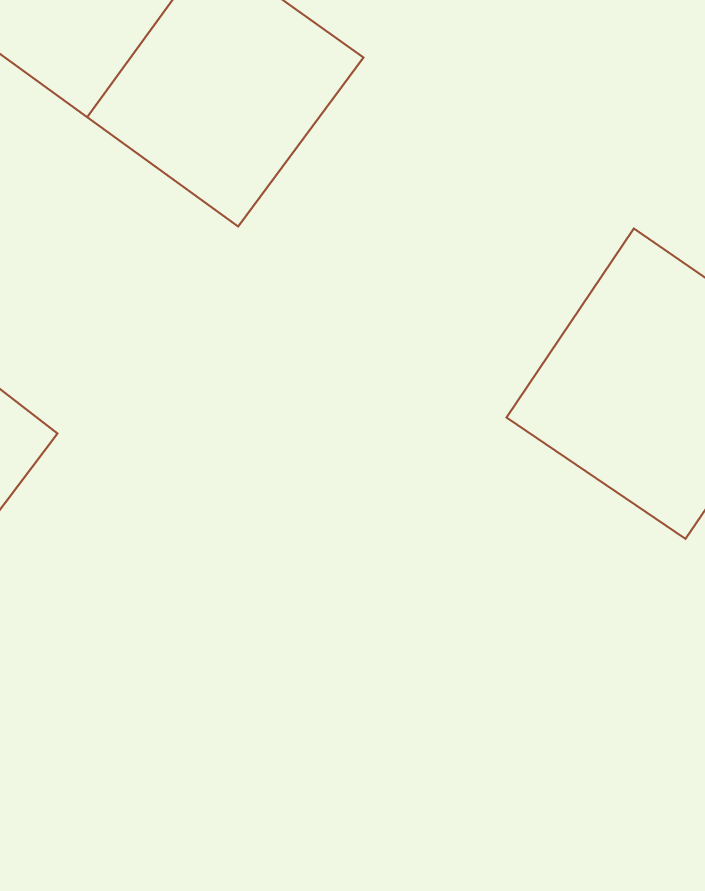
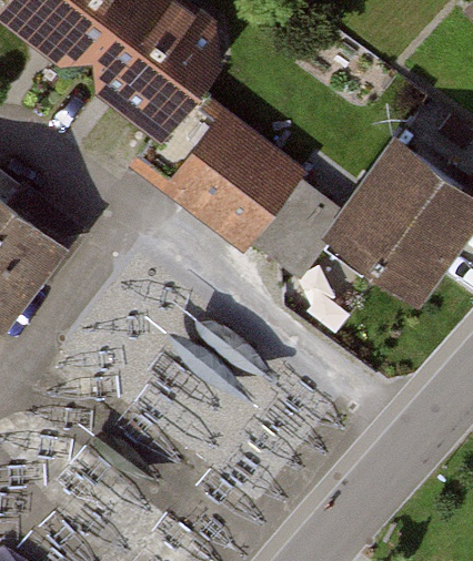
building: none -> [151,99,319,252]

